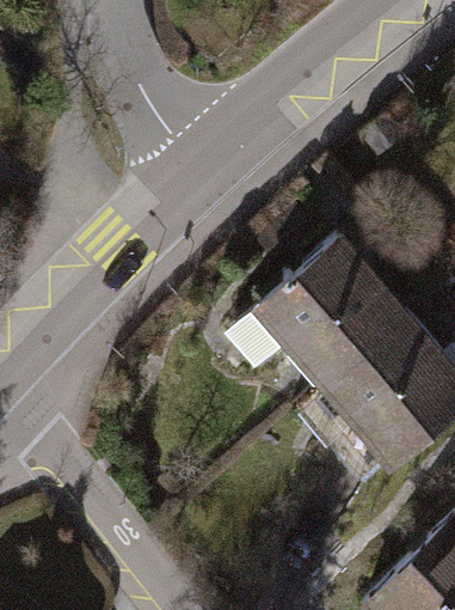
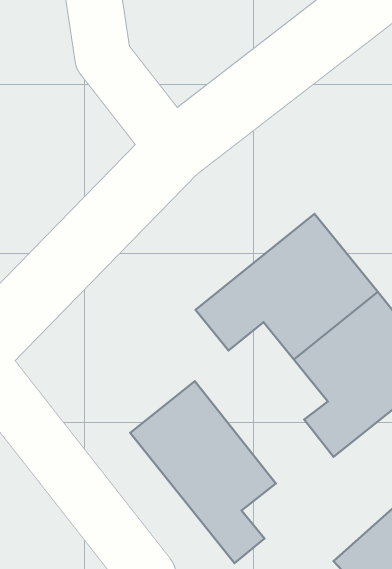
building: none -> [130,381,276,563]

